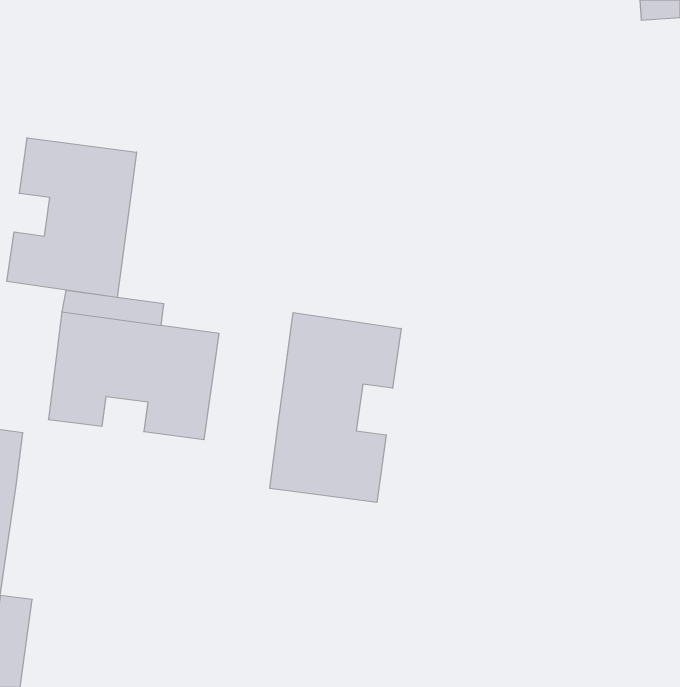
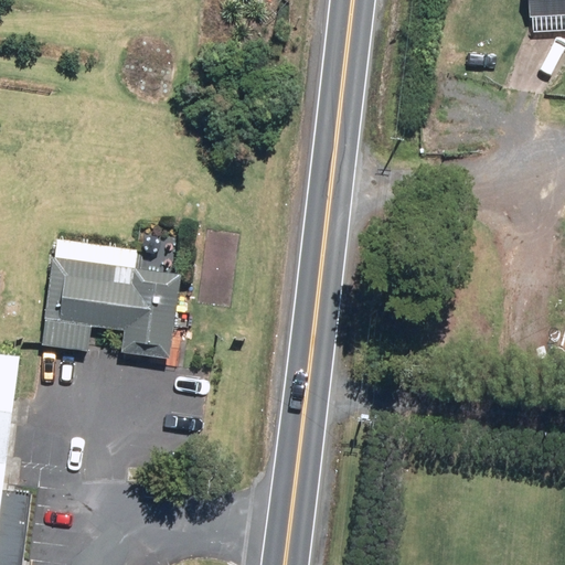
building: [7,138,137,297] -> none
building: [270,313,401,502] -> none

